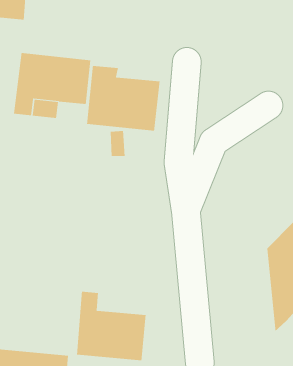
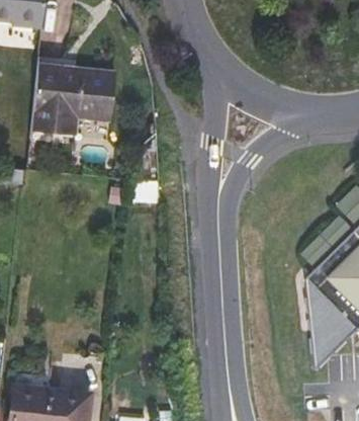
building: [86,65,160,132] -> none
building: [77,291,146,361] -> none

